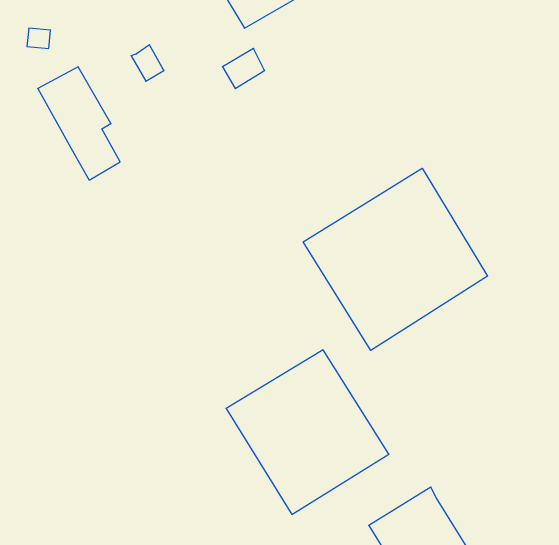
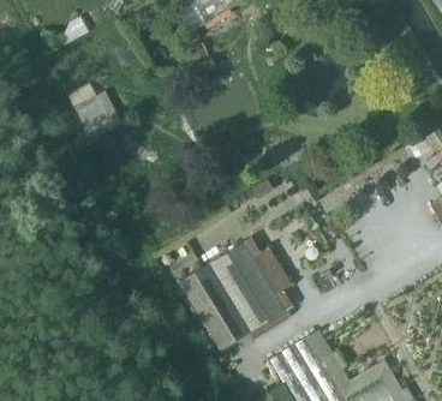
building: [303,168,488,350] -> none

